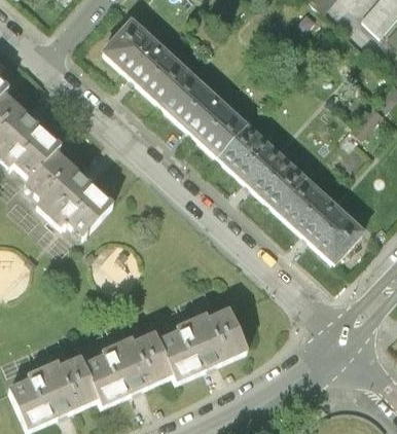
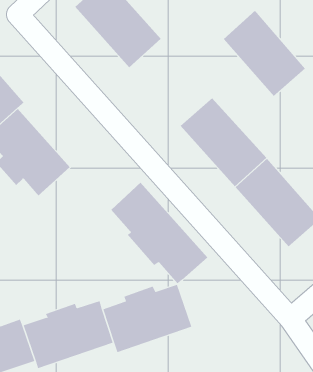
building: [160,70,245,153] -> [223,10,306,97]
building: none -> [111,182,208,284]

